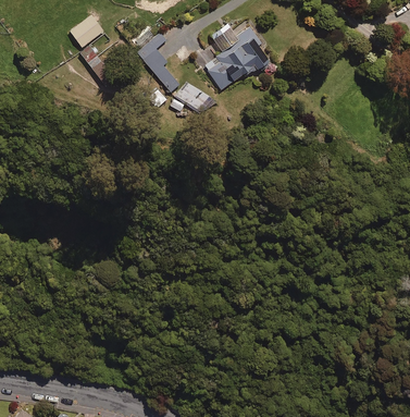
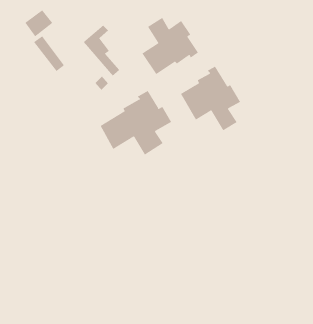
building: none -> [180,66,241,131]
building: none -> [100,90,172,155]

